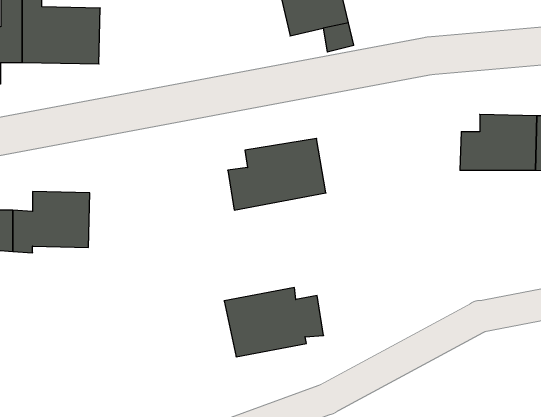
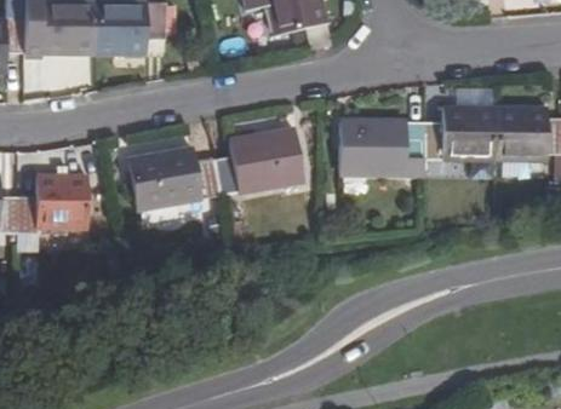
building: none -> [98,10,166,62]
building: none -> [344,121,429,173]
building: [224,288,324,357] -> [131,150,222,213]

